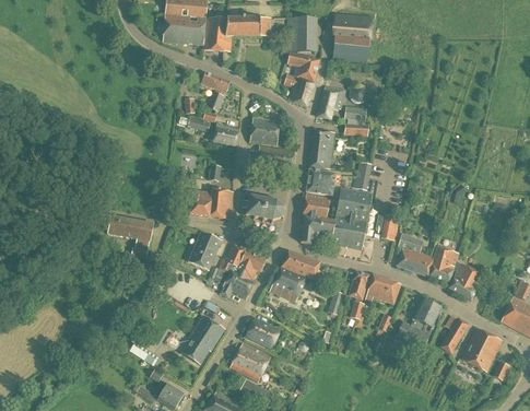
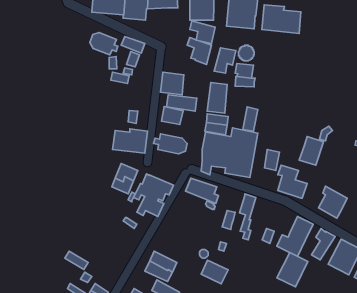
building: none -> [262,5,301,33]
building: none -> [90,33,118,55]
building: [213,122,240,145] -> [161,106,183,125]
building: [107,215,153,259] -> none
building: [427,246,458,282] -> [299,137,324,165]
building: [270,268,305,302] -> none
building: [364,274,400,303] -> none
building: [181,315,224,364] -> none
building: [246,318,280,348] -> [201,260,228,284]
building: none -> [277,253,308,287]

